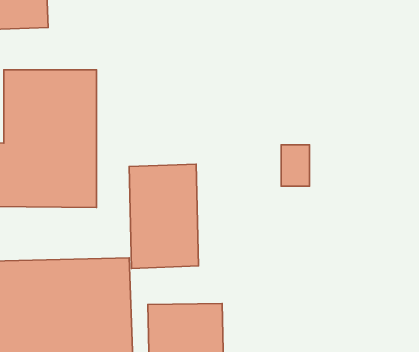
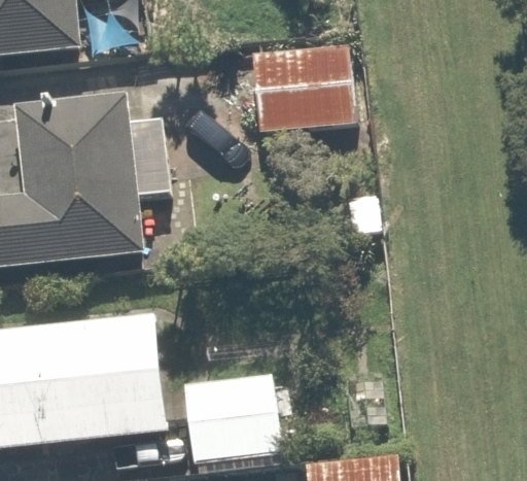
building: none -> [251,64,345,142]
building: [129,164,198,268] -> none

